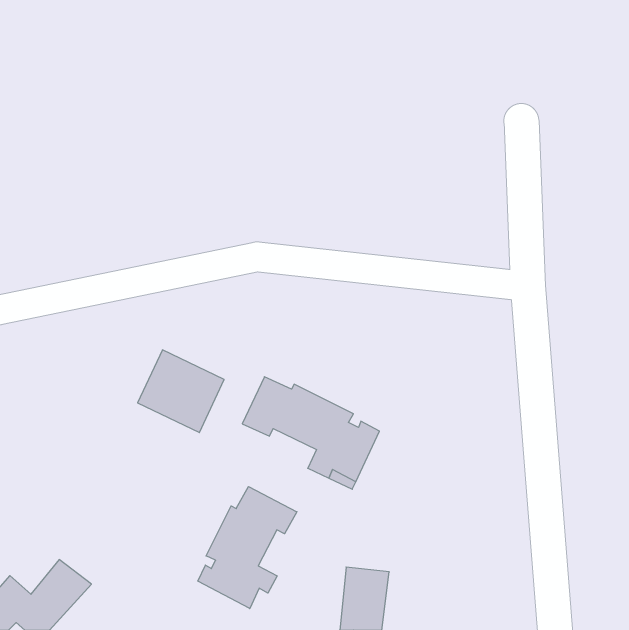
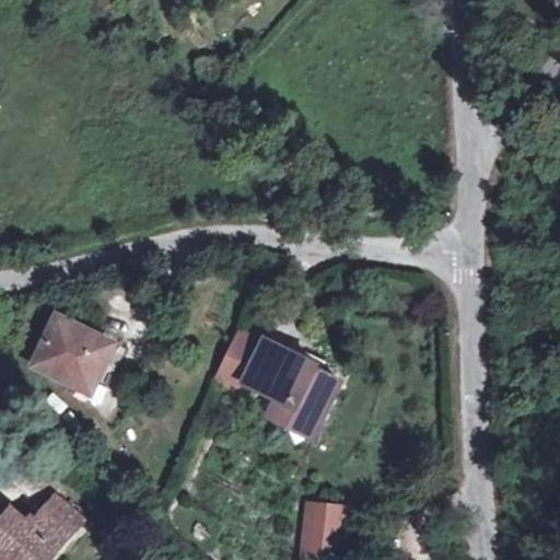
building: [138,350,224,433] -> [33,317,109,390]
building: [198,487,297,609] -> none

